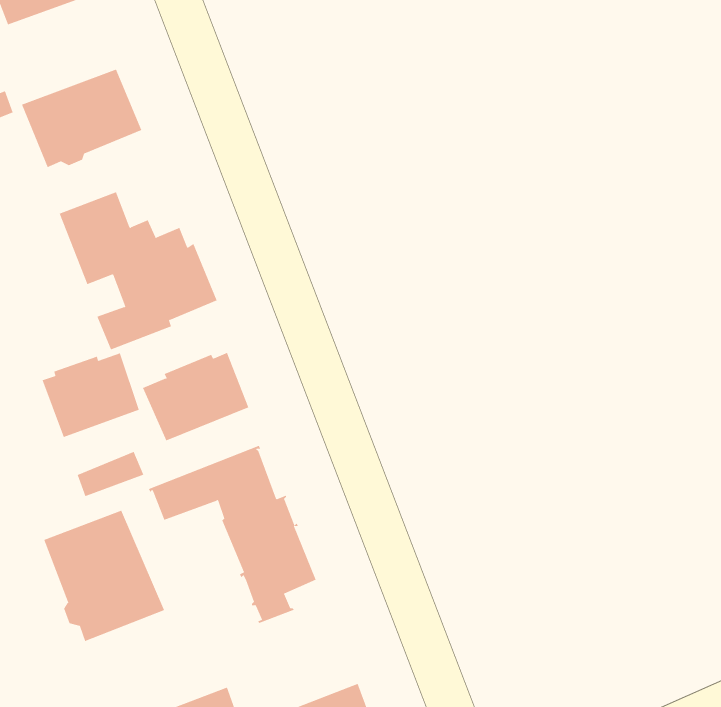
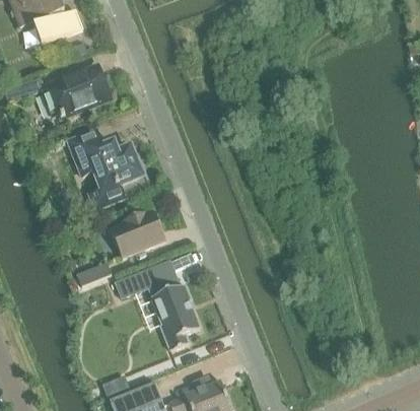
building: [42,352,139,438] -> none
building: [43,510,165,642] -> none

